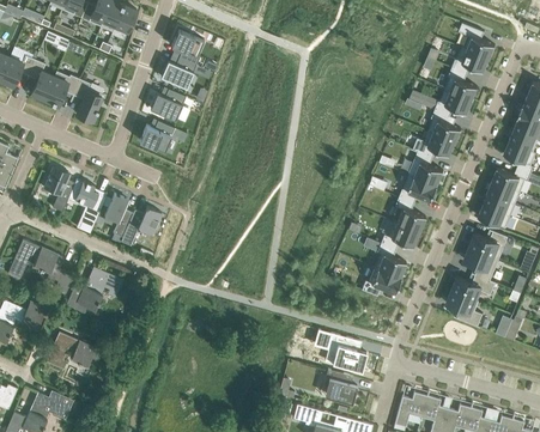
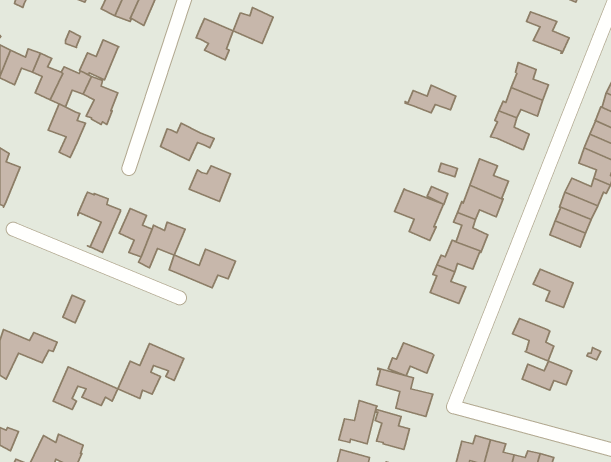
building: [451,48,490,74] -> none
building: none -> [79,40,119,80]
building: [162,57,196,89] -> [233,8,273,43]
building: [150,90,186,121] -> [189,166,230,202]
building: [411,134,455,158] -> [405,85,456,113]
building: [43,166,75,213] -> [48,104,85,158]
building: none -> [395,189,443,241]
building: none -> [169,249,235,288]
building: [471,231,509,260] -> none
building: [8,241,65,284] -> none
building: [66,267,123,315] -> [118,343,184,398]
building: [362,268,401,297] -> [388,343,434,376]
building: [453,275,496,300] -> [522,361,572,390]
building: none -> [339,400,377,444]

